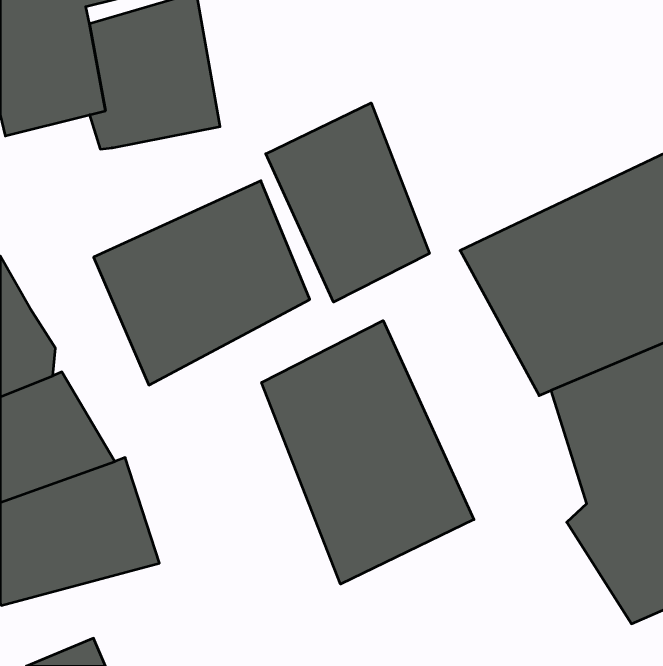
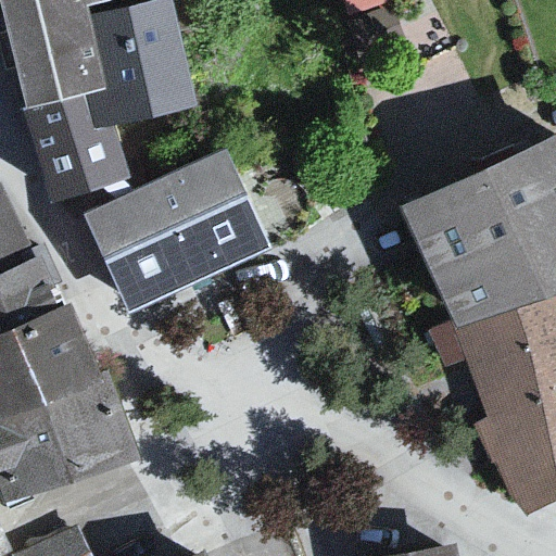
building: [266,103,429,302] -> none
building: none -> [13,94,123,201]
building: [262,321,474,584] -> none

